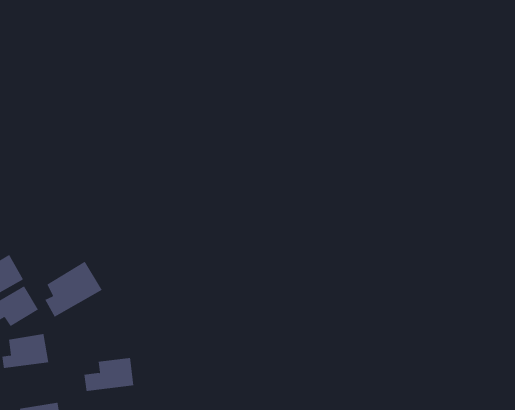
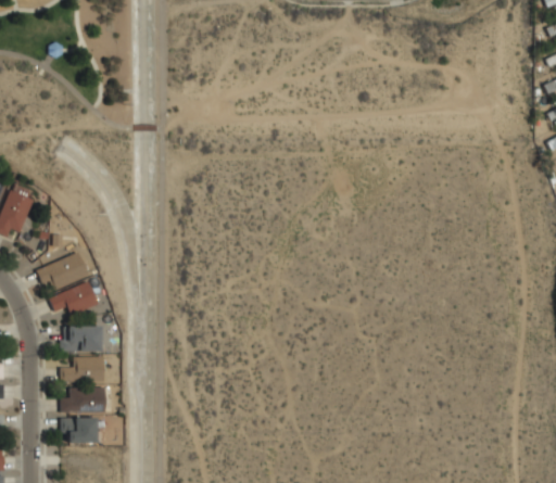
building: [45,261,102,318] -> none
building: [83,357,134,392] -> [60,356,103,381]

